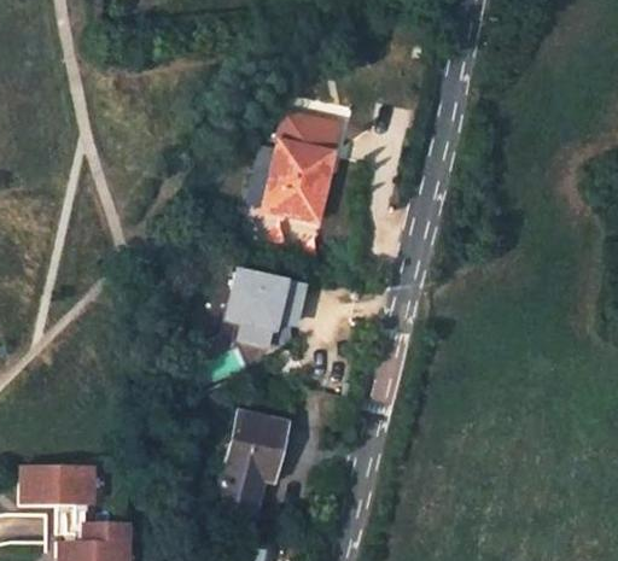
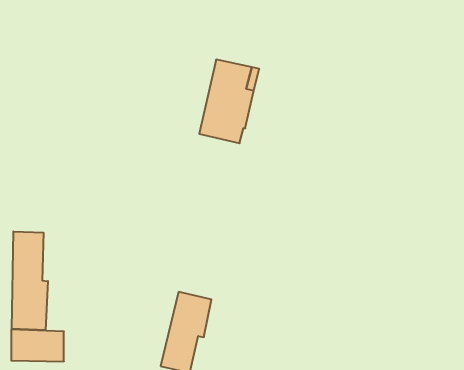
building: [221,267,310,356] -> none
building: none -> [12,231,48,330]

